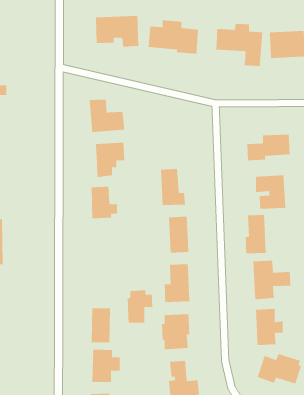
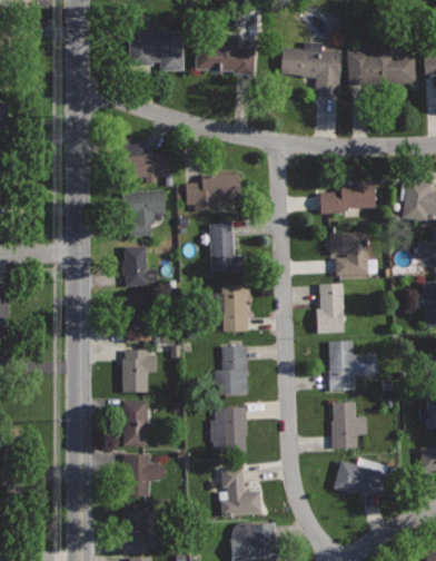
building: none -> [185,174,240,210]
building: none -> [123,295,151,341]
building: [127,290,153,323] -> [123,350,157,392]

